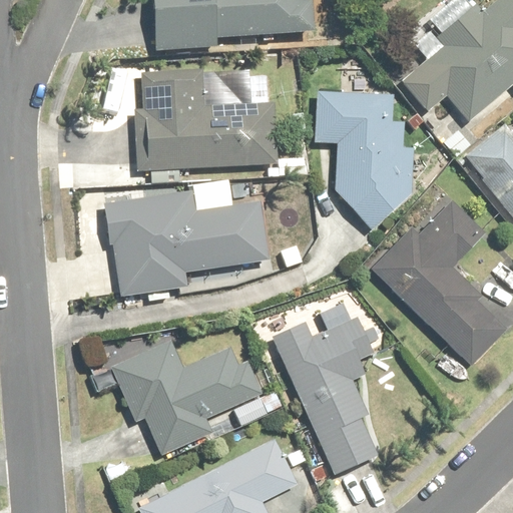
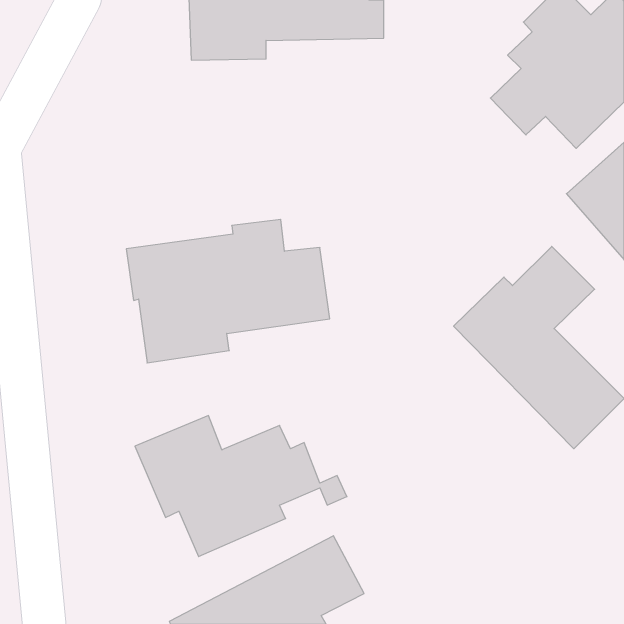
building: [135,72,278,166] -> none
building: [314,90,412,228] -> none
building: [273,315,380,471] -> none

